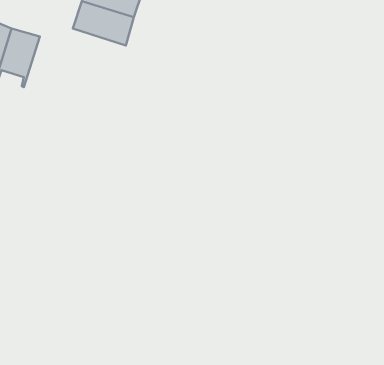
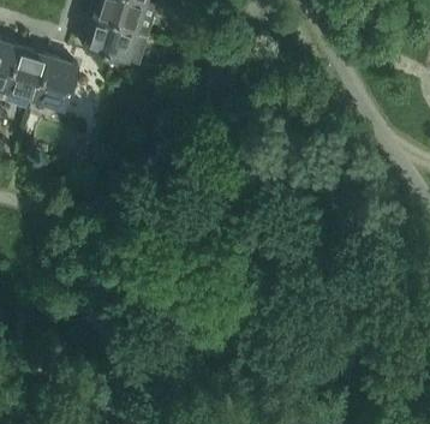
building: none -> [31,55,78,119]

